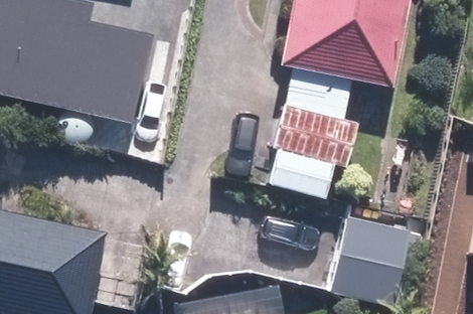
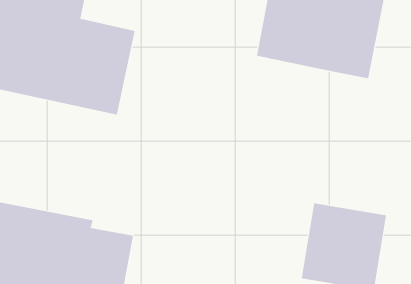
building: [264,62,356,197] -> none

